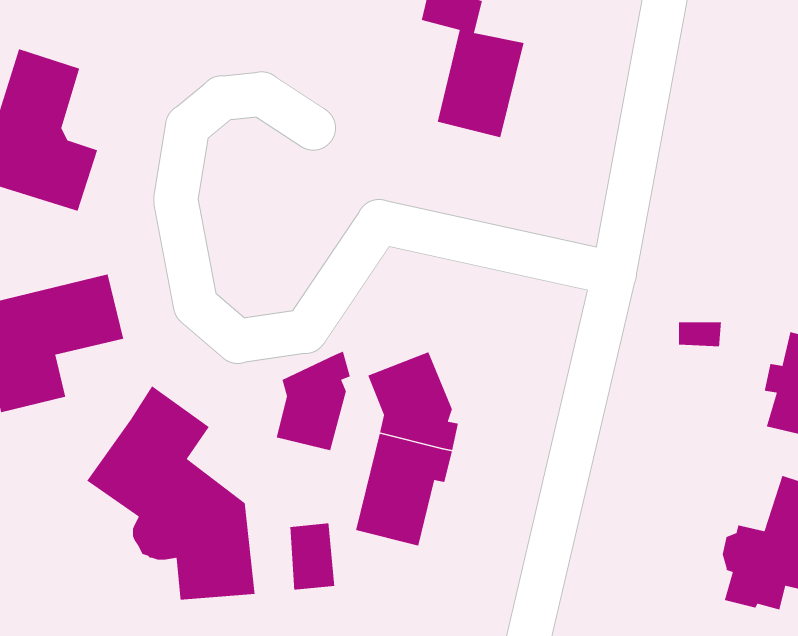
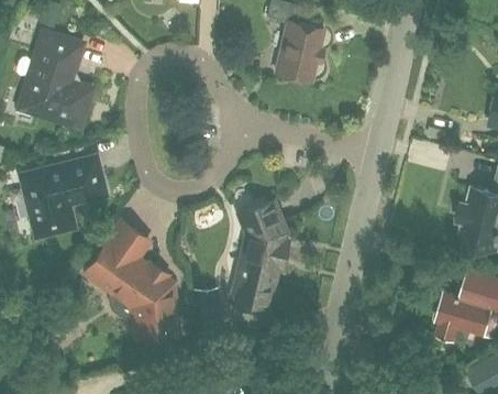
building: [276,351,351,451] -> none

